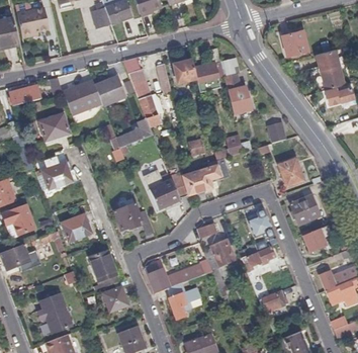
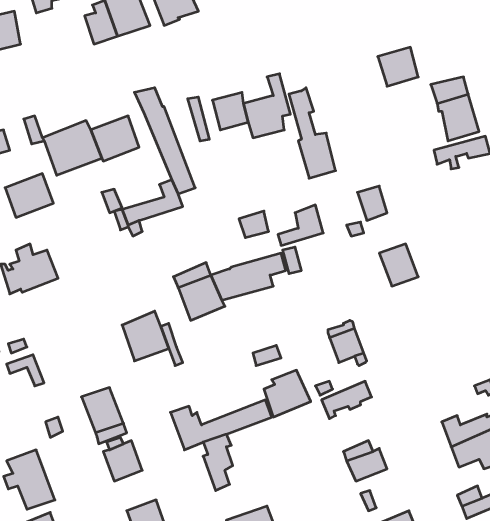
building: [293,196,321,225] -> none
building: [62,214,91,242] -> none
building: [304,226,335,252] -> none

